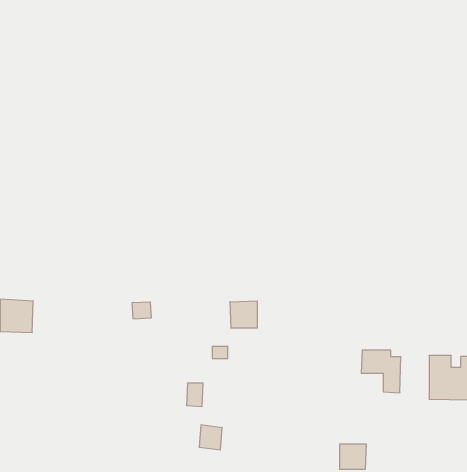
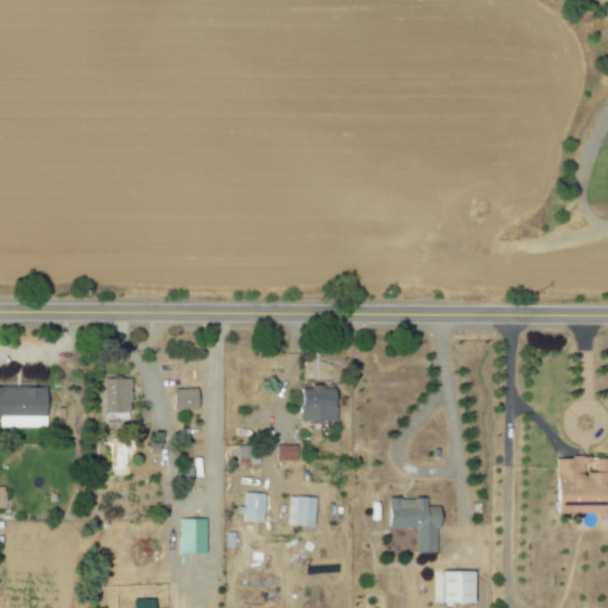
building: none -> [106,378,132,420]
building: [361,350,401,393] -> [390,499,441,553]
building: none -> [180,520,208,551]
building: [199,425,222,450] -> [289,495,318,527]

